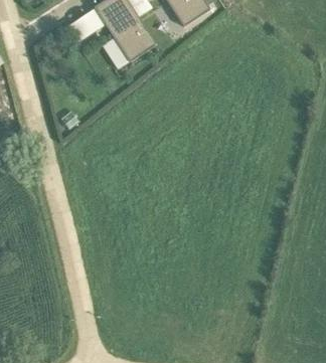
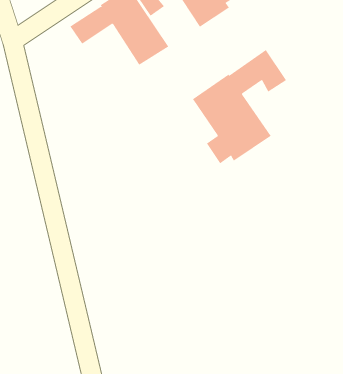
building: none -> [192,49,287,164]

